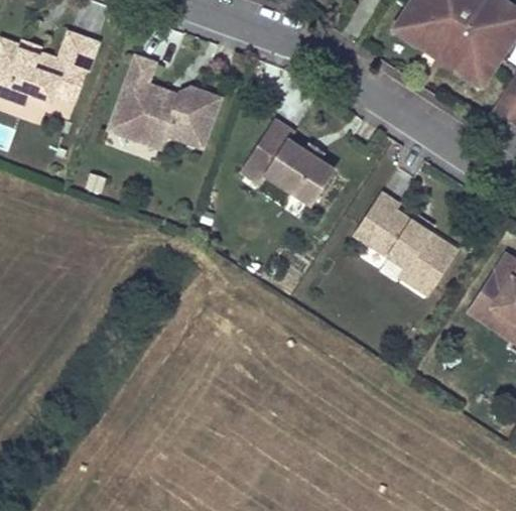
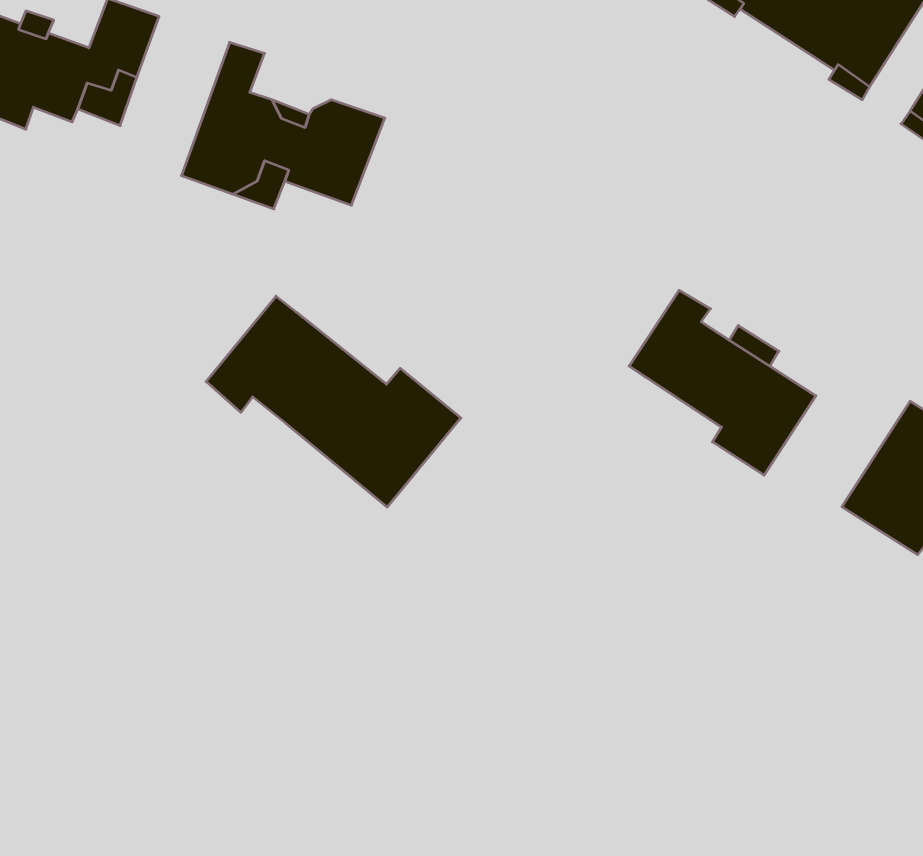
building: [242,120,333,205] -> none
building: none -> [206,296,461,507]

